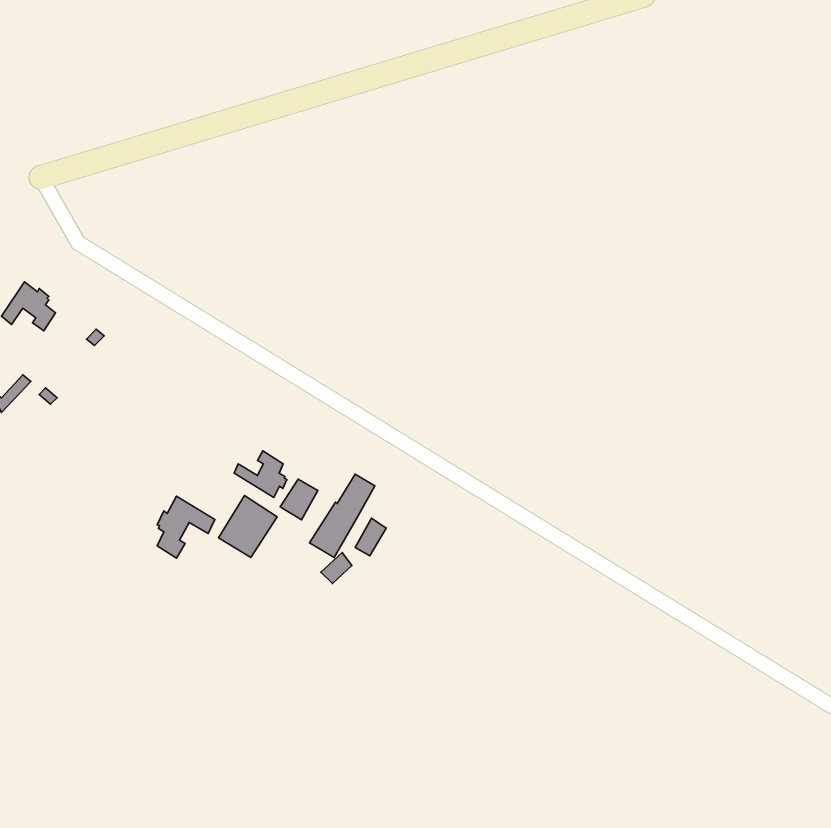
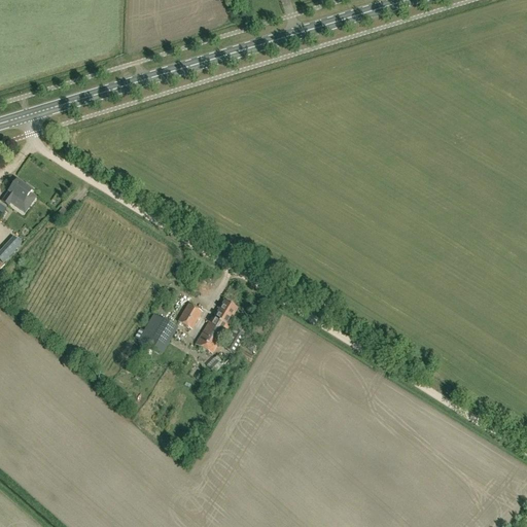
building: [234,451,287,497] -> none
building: [157,496,215,558] -> none

